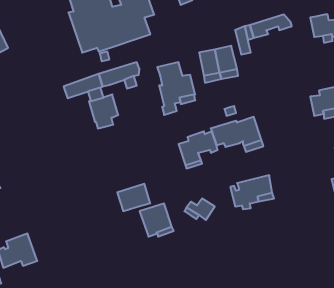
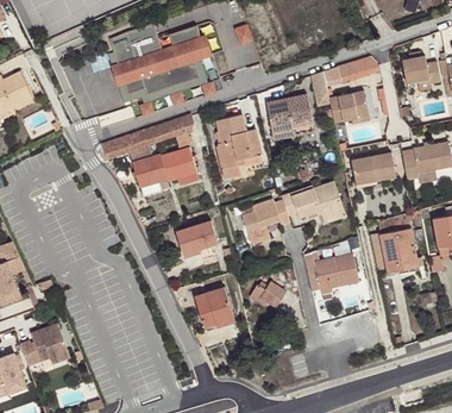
building: none -> [328,90,369,123]
building: none -> [161,146,195,181]
building: none -> [351,152,395,184]
building: none -> [370,213,422,271]
building: [117,184,150,211] -> [176,220,216,254]

